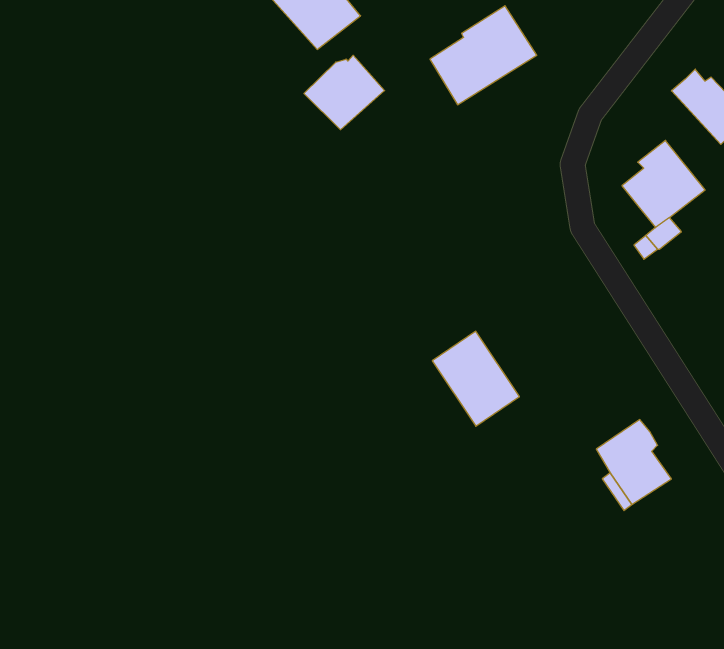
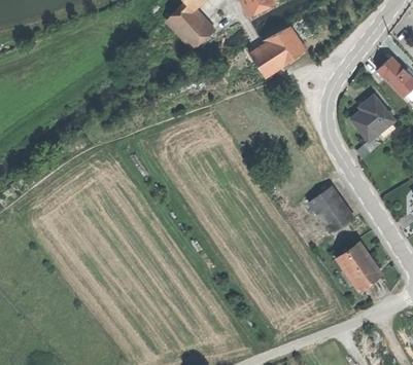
building: [304,55,385,130] -> none
building: [432,331,519,426] -> [309,184,354,233]

